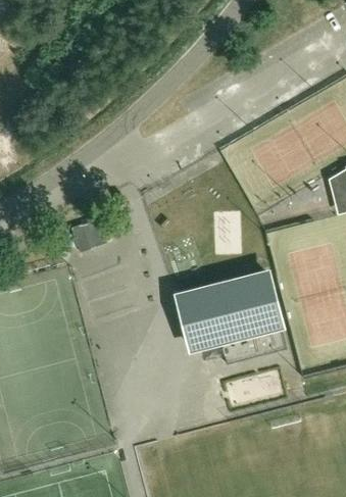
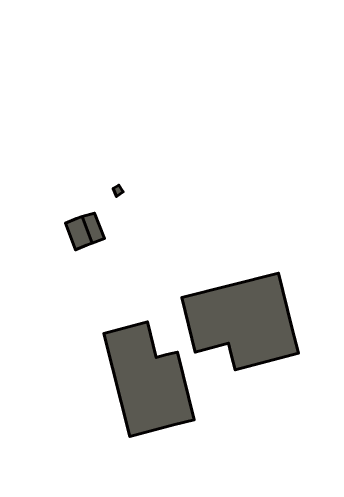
building: none -> [104,322,194,436]

